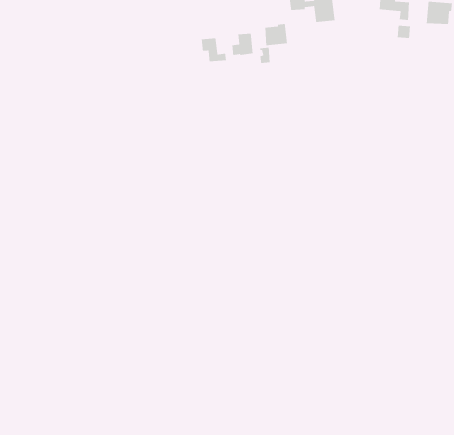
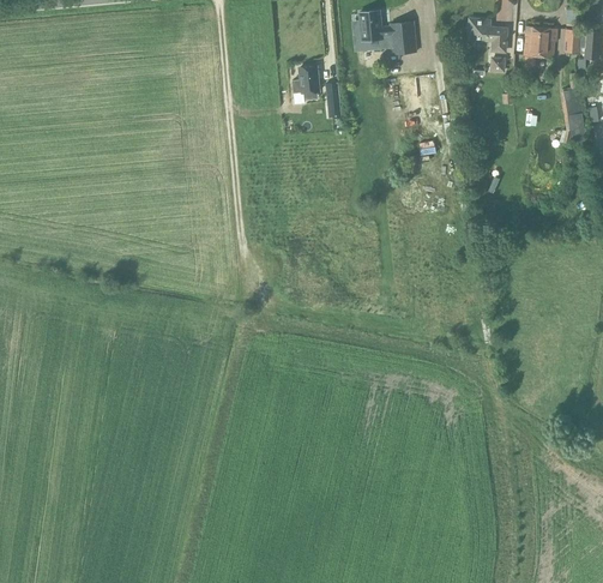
building: [265,23,288,46] -> none
building: [201,38,227,62] -> none

